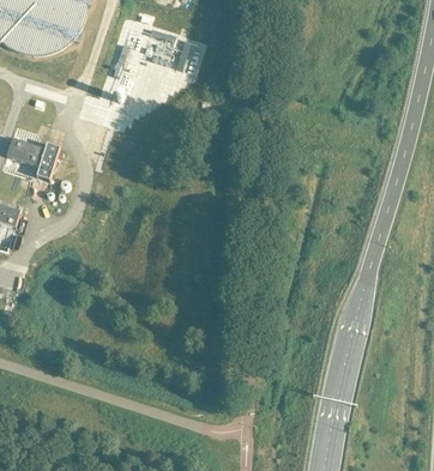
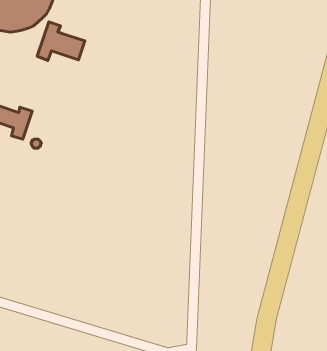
building: none -> [37,22,85,61]

